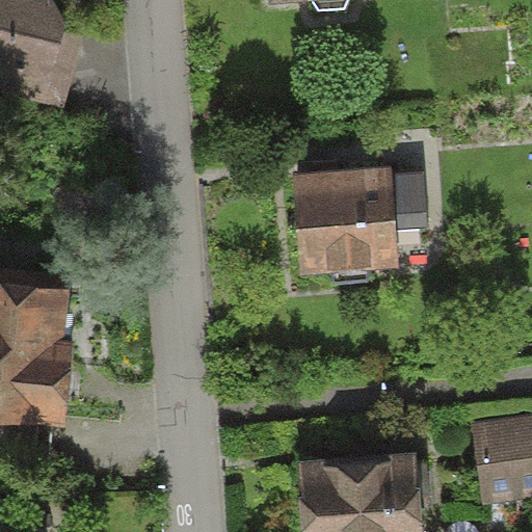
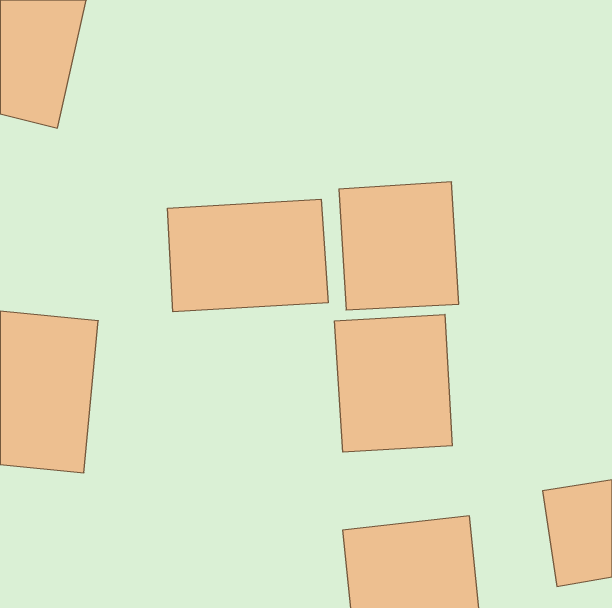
building: none -> [168,199,328,312]
building: none -> [335,314,452,452]

